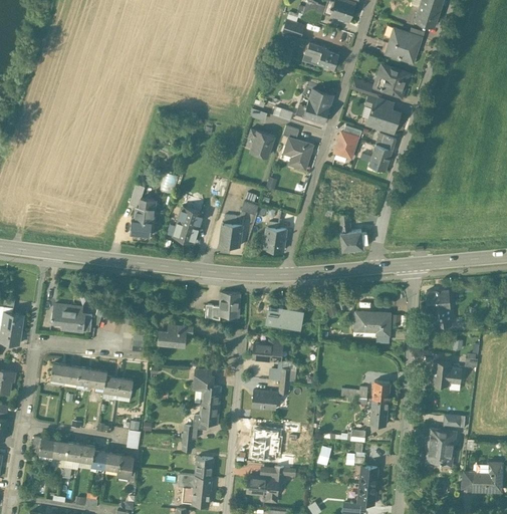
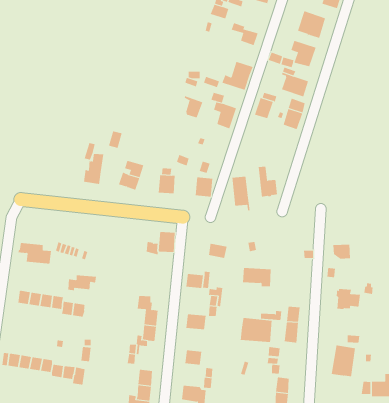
building: none -> [232,176,250,211]
building: [427,290,449,309] -> none
building: [354,312,390,335] -> [242,267,272,287]
building: [158,326,193,345] -> [67,275,97,291]
building: none -> [240,317,272,343]

